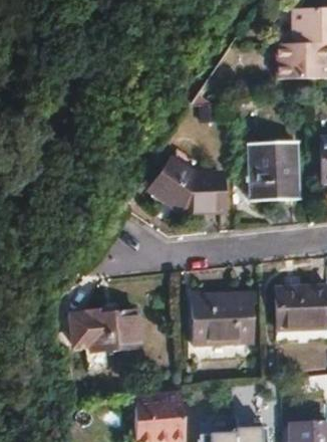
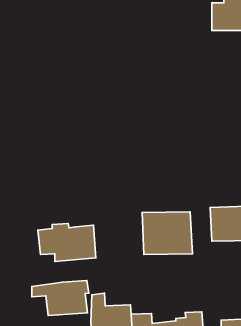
building: [247,143,297,202] -> none
building: [145,164,222,216] -> none
building: none -> [32,281,89,316]

